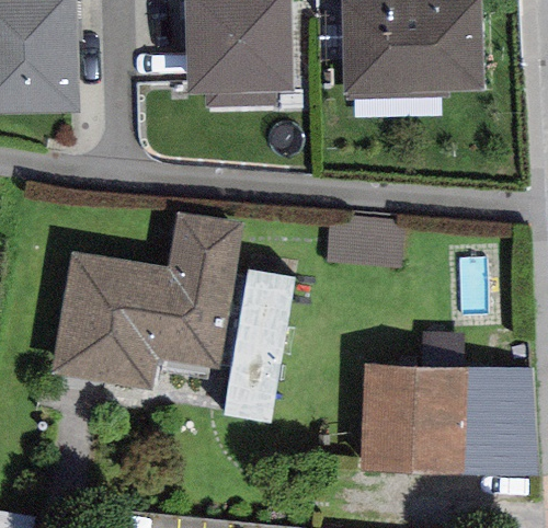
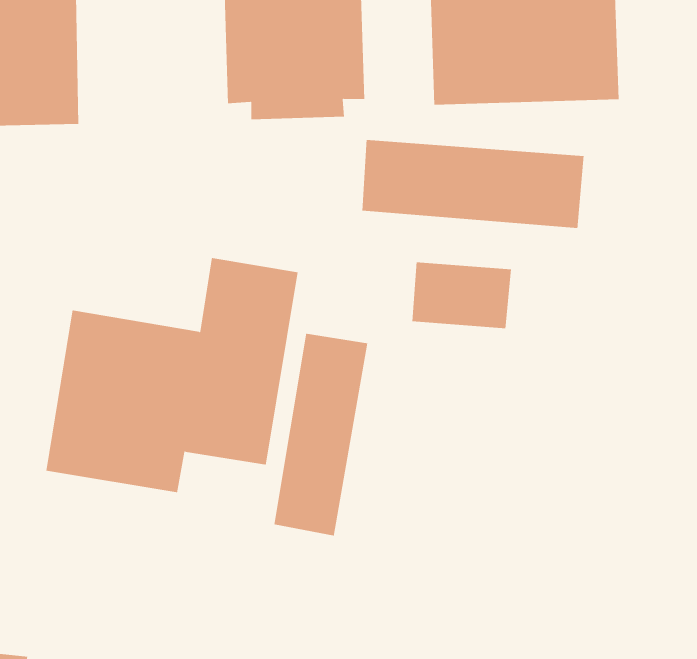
building: none -> [362,139,584,229]
building: [362,363,537,475] -> none

